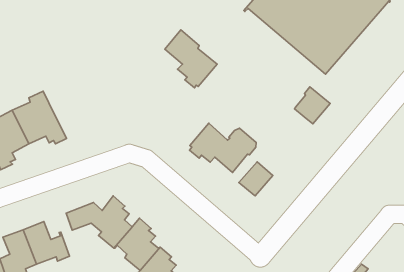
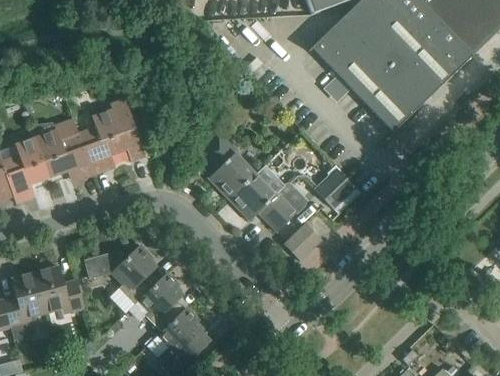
building: [165,30,217,88] -> [199,131,256,198]
building: none -> [78,98,143,175]
building: [294,87,330,124] -> [315,167,356,209]

